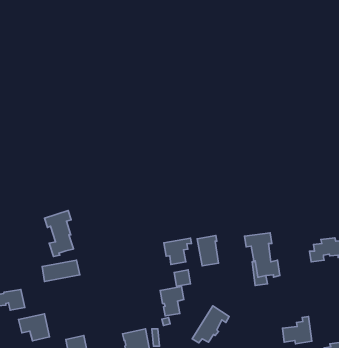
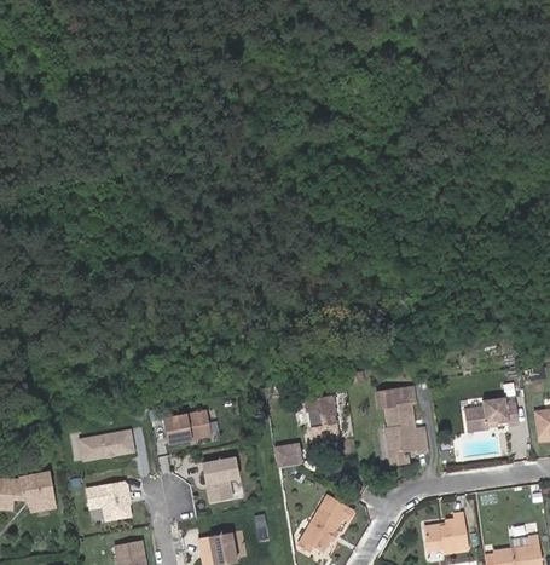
building: [45,211,74,257] -> none
building: [164,238,191,265] -> none
building: none -> [161,409,208,442]
building: [160,286,184,316] -> [201,456,236,500]
building: [18,314,50,341] -> [83,480,129,520]

